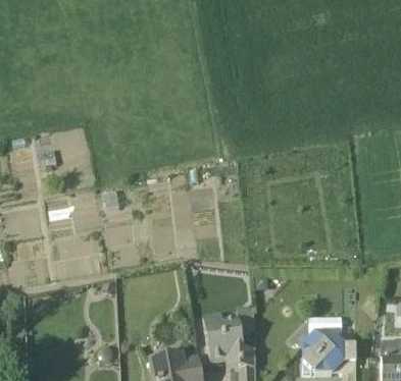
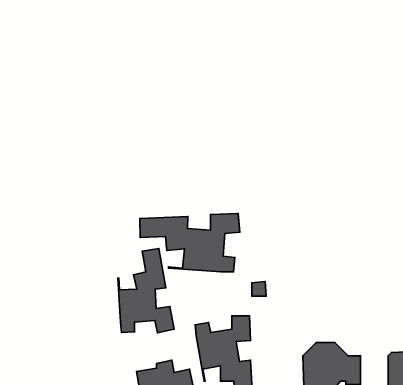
building: none -> [140,213,240,272]
building: none -> [118,248,174,333]

